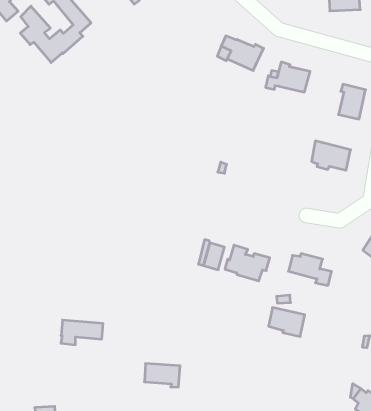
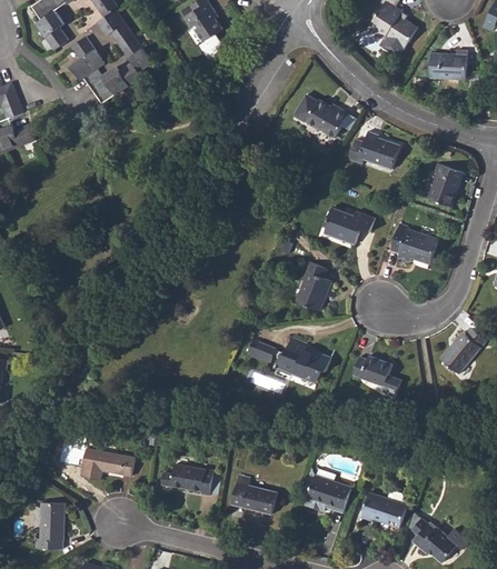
building: none -> [325,206,375,243]
building: none -> [296,260,331,310]
building: [269,308,305,336] -> [307,476,350,512]
building: [61,320,103,345] -> [83,449,135,479]
building: none -> [360,490,407,528]
building: none -> [232,475,277,512]

